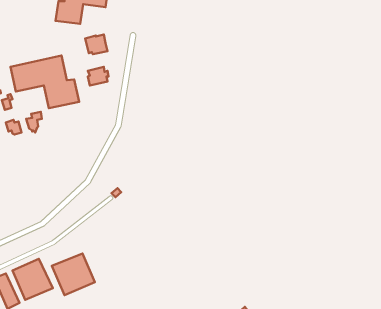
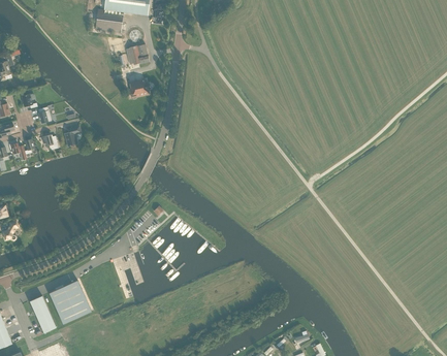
building: [11,56,79,108] -> none
building: [52,253,95,295] -> none

